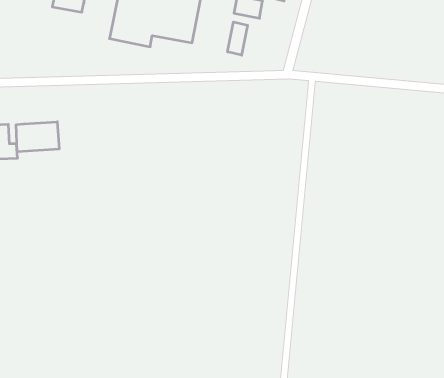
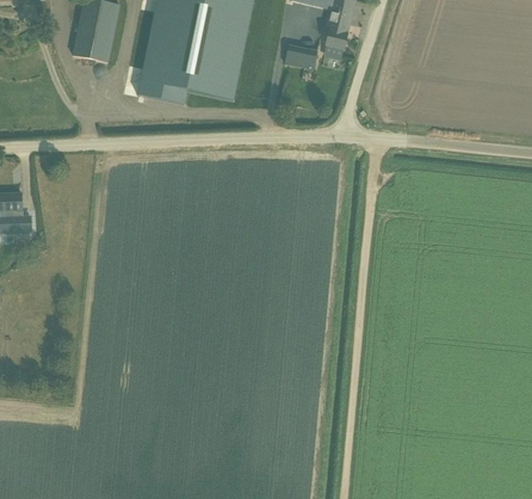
building: [228,22,248,55] -> none
building: [16,122,59,152] -> none

